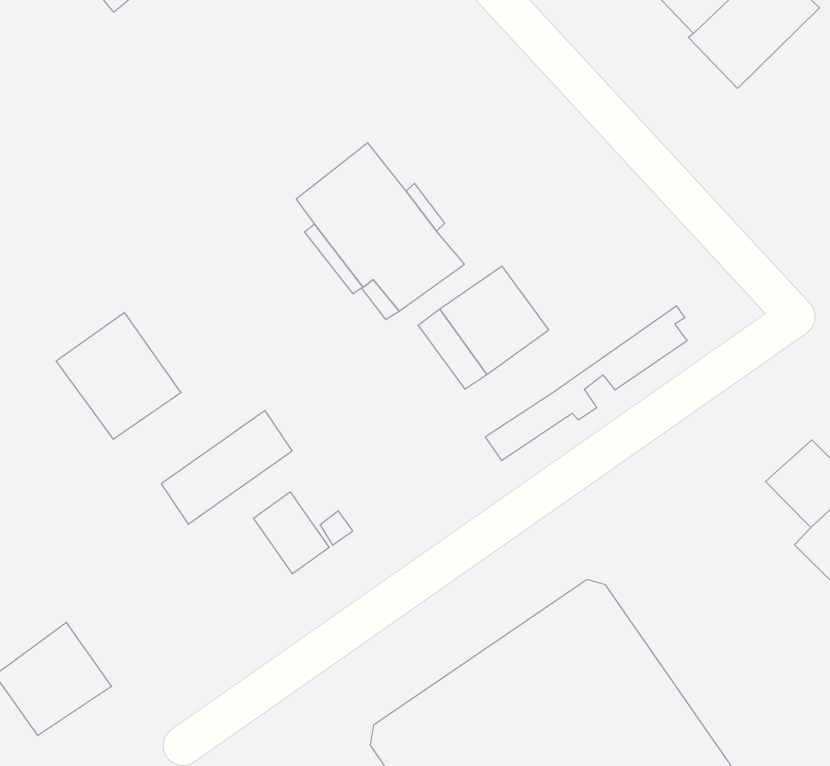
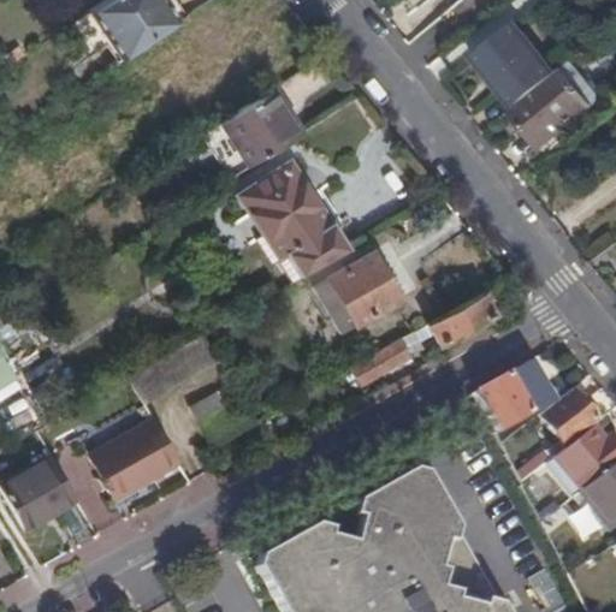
building: none -> [206,88,304,178]
building: [56,312,181,439] -> none
building: none -> [478,361,556,432]
building: none -> [88,412,183,504]

